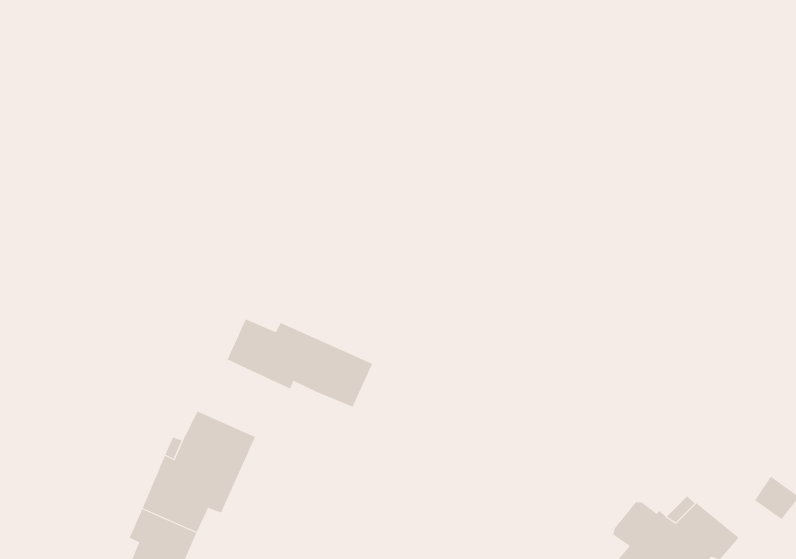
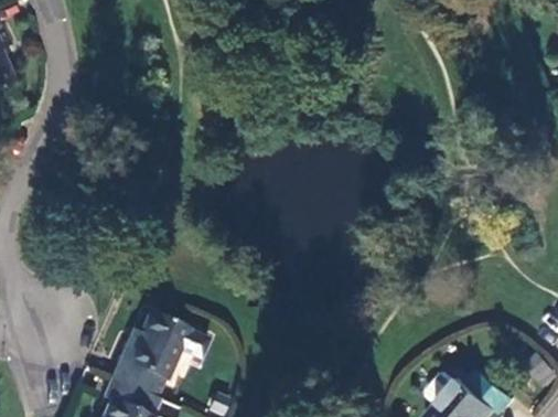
building: [227,319,373,407] -> none

